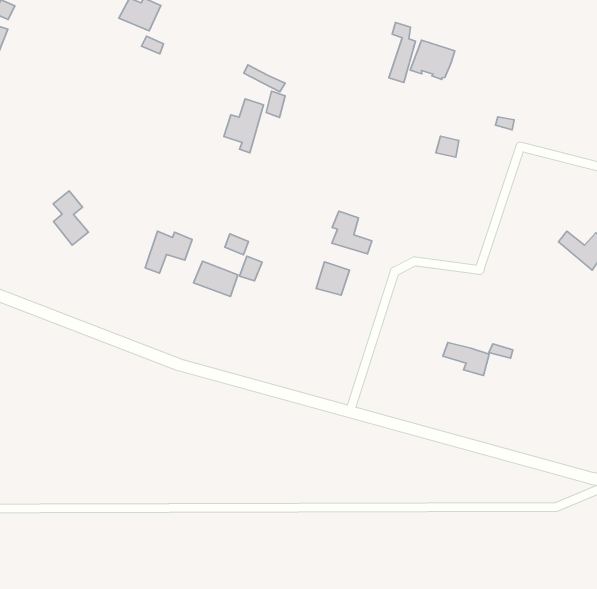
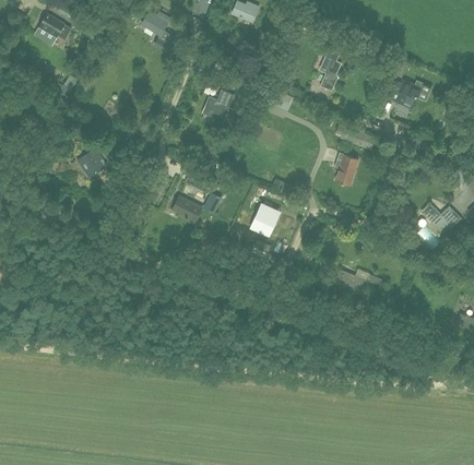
building: [410,40,455,80] -> [389,78,420,106]
building: none -> [334,154,358,184]
building: [332,211,372,254] -> none
building: [145,231,192,273] -> none

